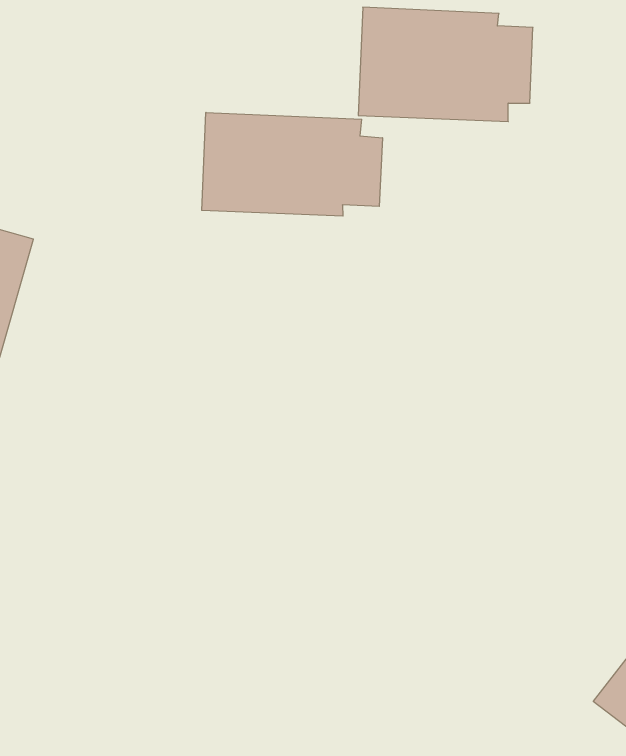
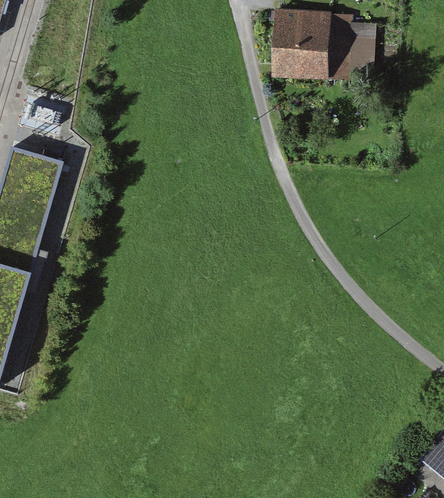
building: [202,112,382,216] -> none

